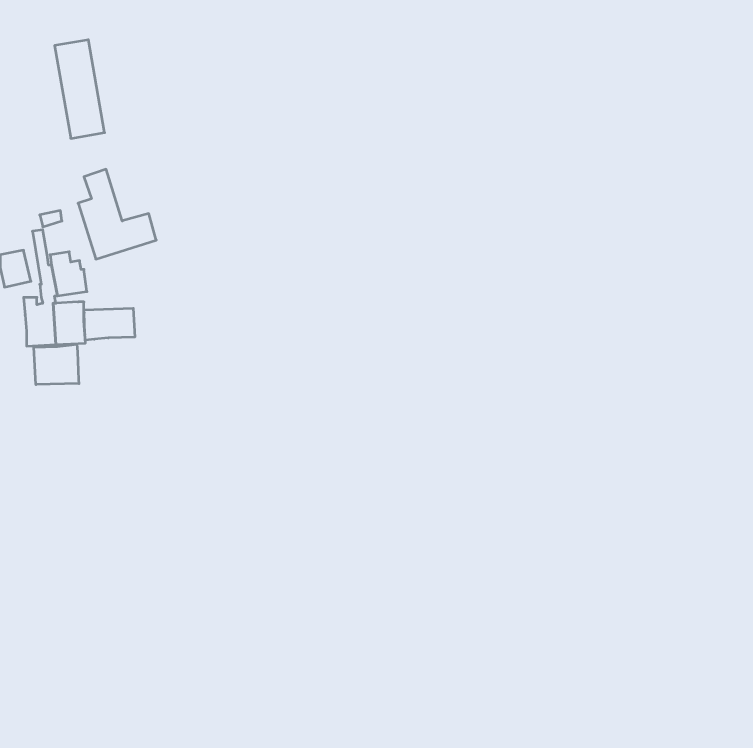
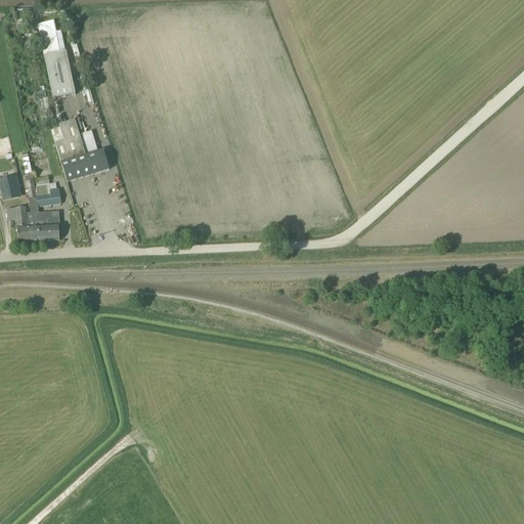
building: [84,308,135,340] -> none
building: [34,344,79,385] -> none

